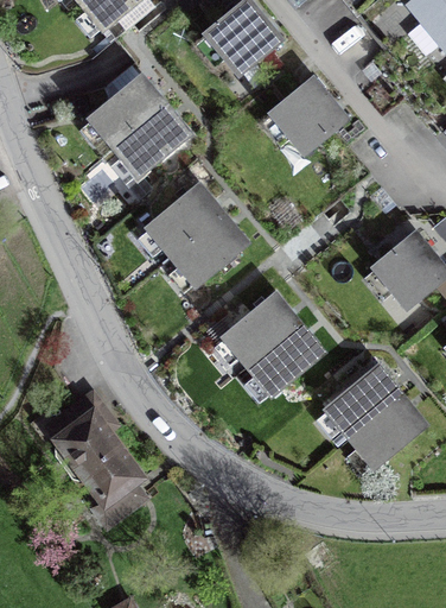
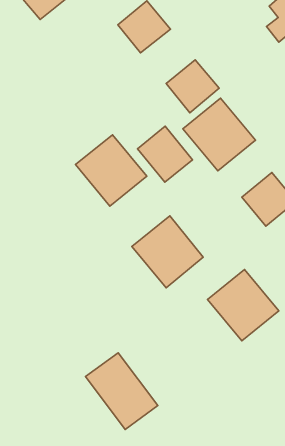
building: [90,75,186,172] -> none
building: none -> [183,98,255,171]
building: none -> [137,126,192,182]
building: [53,407,151,511] -> [86,353,158,429]

